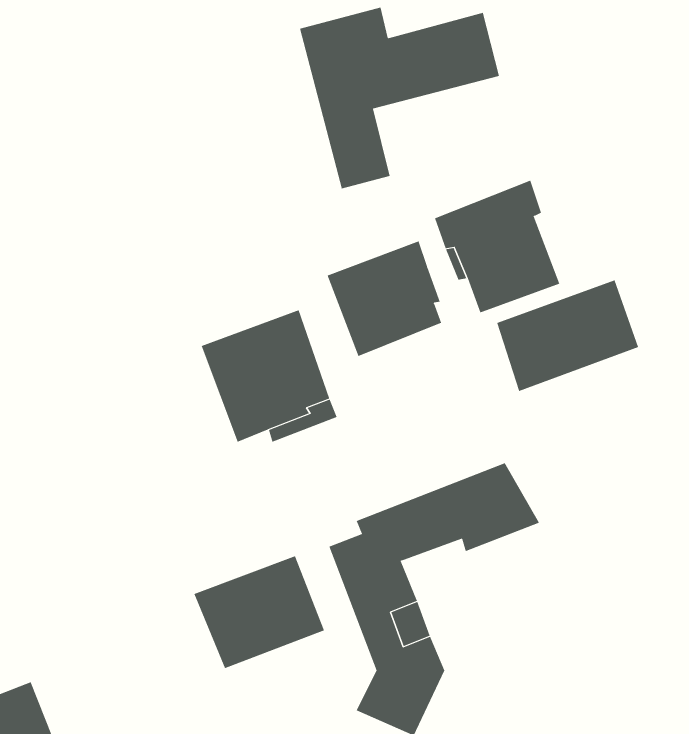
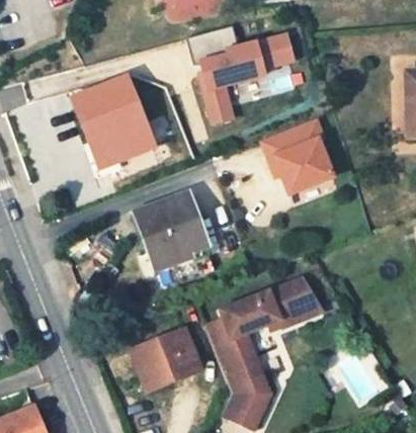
building: none -> [74,76,155,169]
building: [327,241,442,357] -> none
building: [496,279,639,392] -> none

